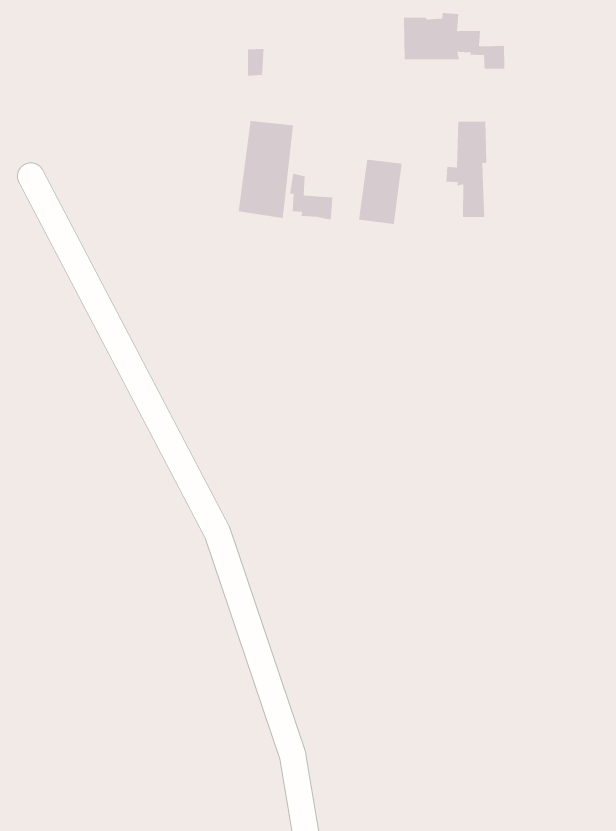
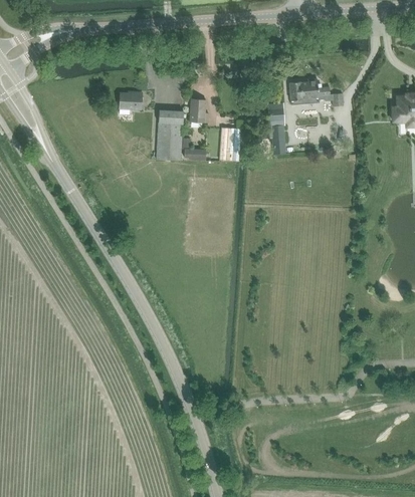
building: [403,12,505,69] -> [288,78,344,106]
building: none -> [119,92,141,113]
building: none -> [189,97,208,121]

